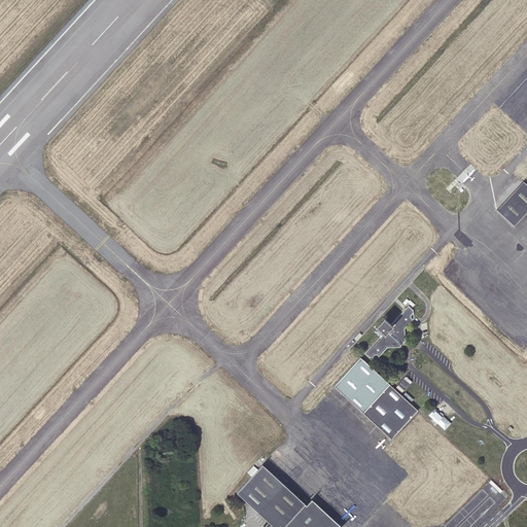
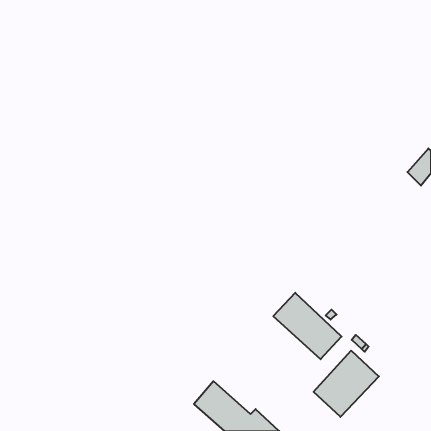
building: [364,306,413,357] -> none
building: none -> [314,351,379,417]

